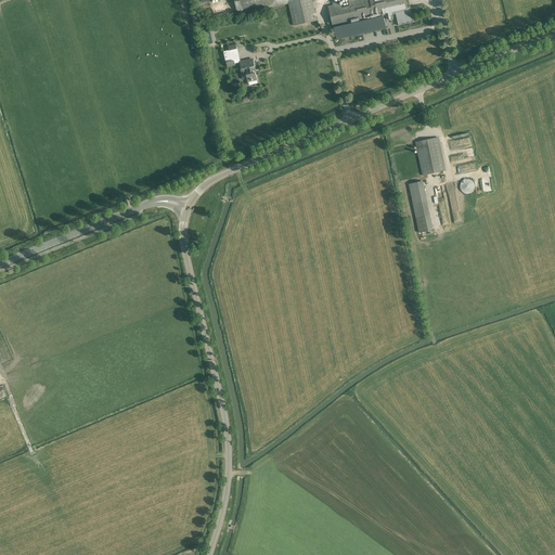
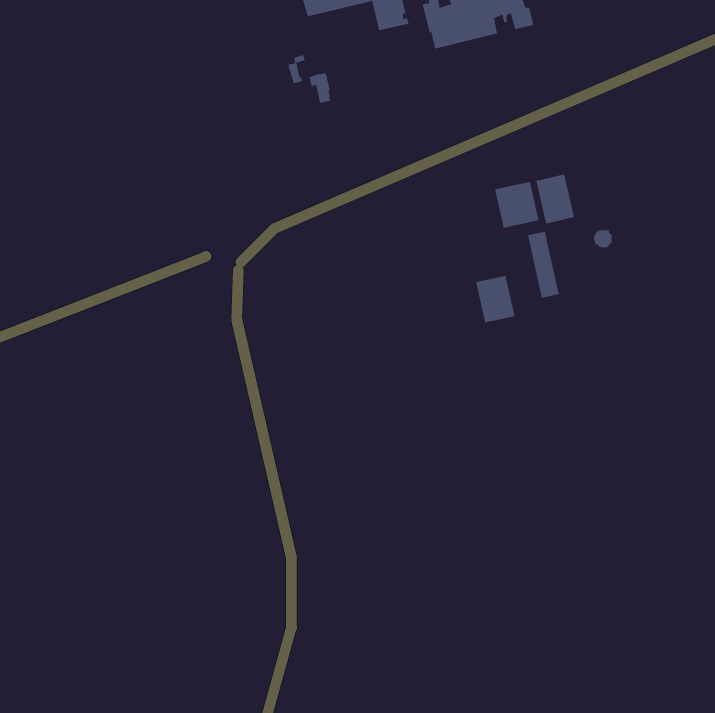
building: none -> [494,181,539,229]
building: none -> [476,275,515,323]

